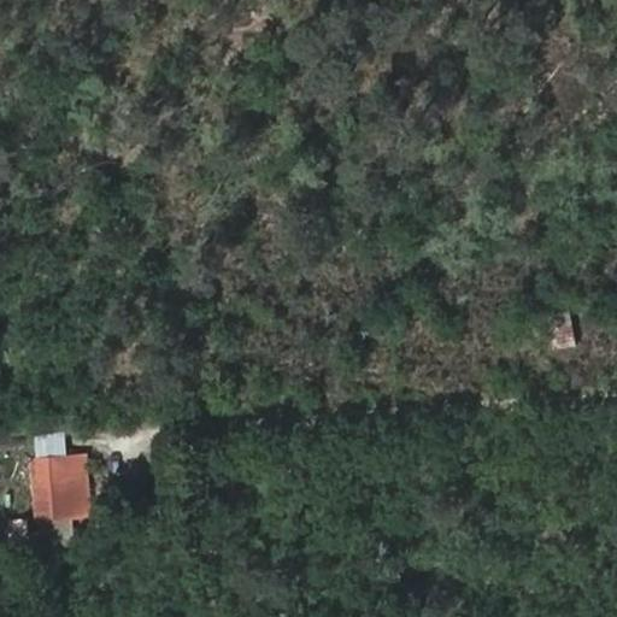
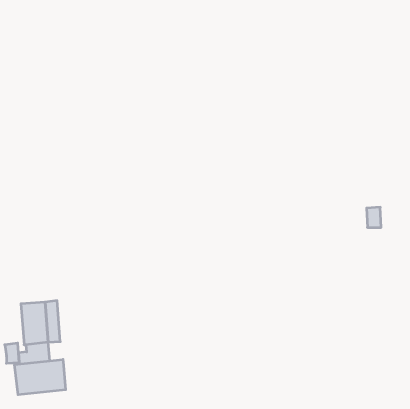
building: none -> [15,359,66,395]

